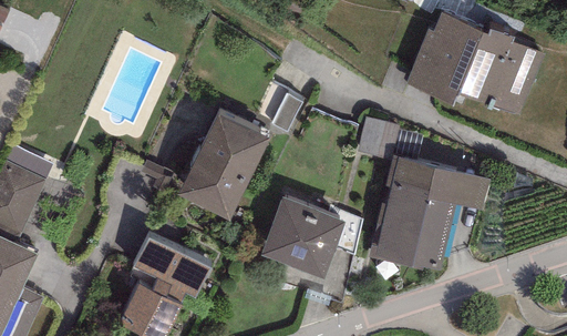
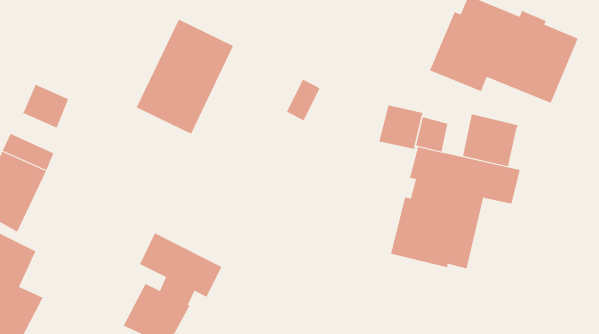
building: none -> [22,84,69,129]
building: [177,111,269,220] -> [136,19,234,135]
building: none -> [463,113,519,167]
building: [259,195,346,277] -> none

